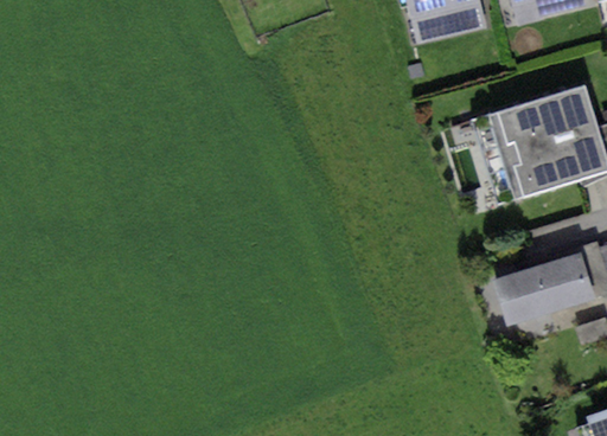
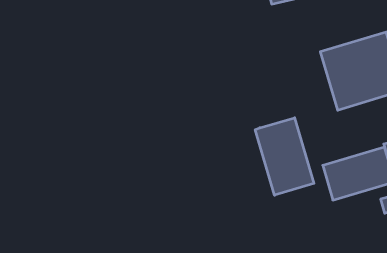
building: none -> [255,118,314,195]

